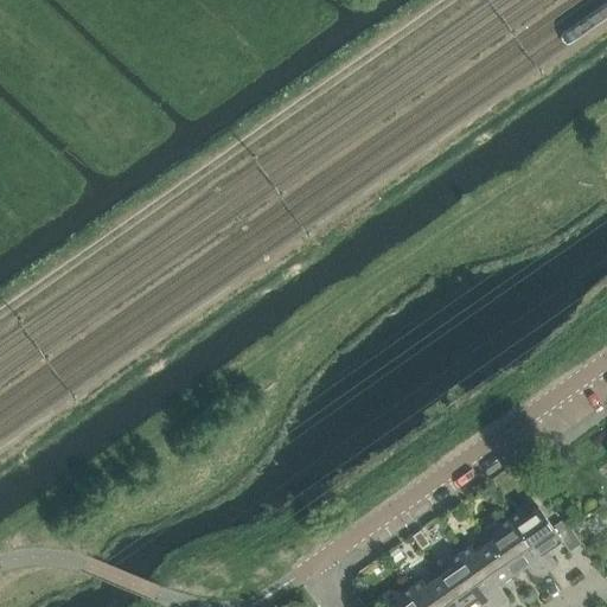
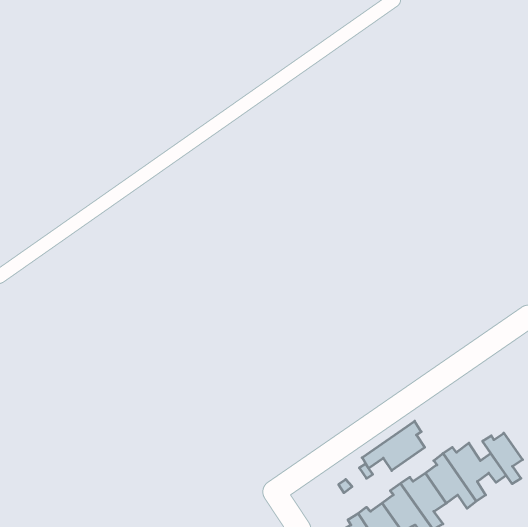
building: none -> [362,421,425,471]
building: none -> [483,433,523,484]

